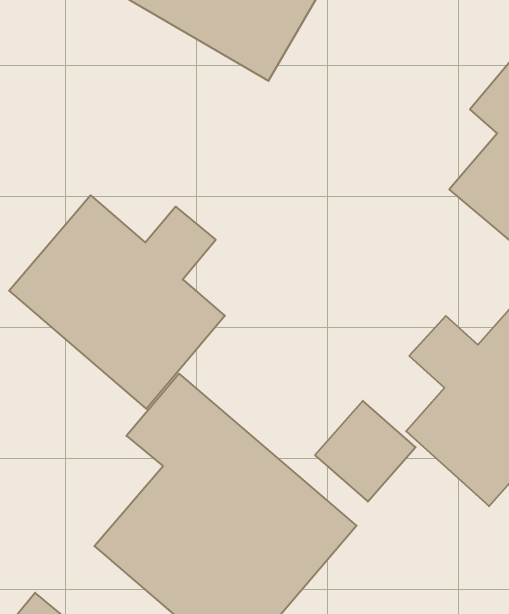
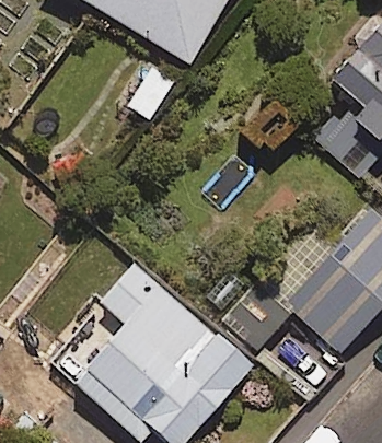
building: [9,195,225,409] -> none

